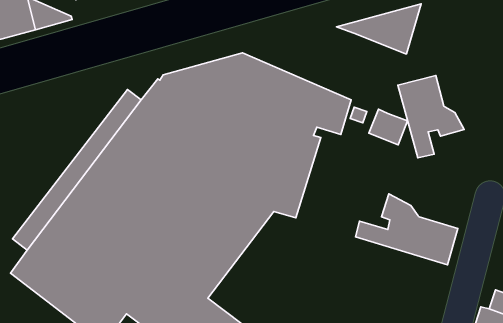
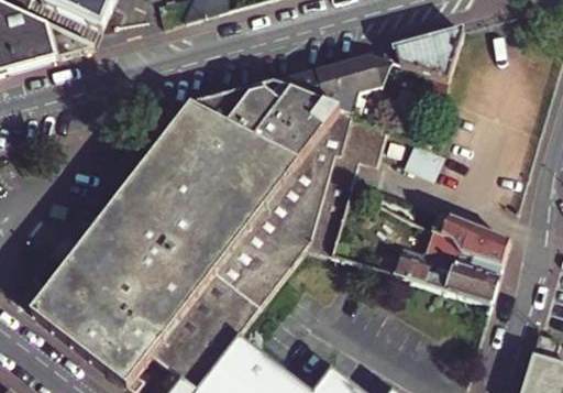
building: none -> [274,52,394,116]
building: [398,75,464,158] -> none
building: none -> [460,225,507,264]

